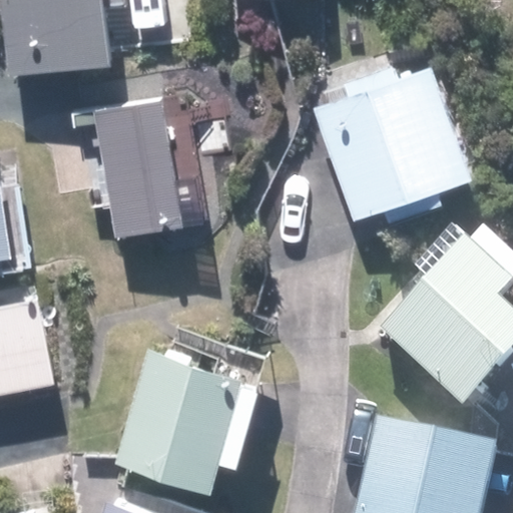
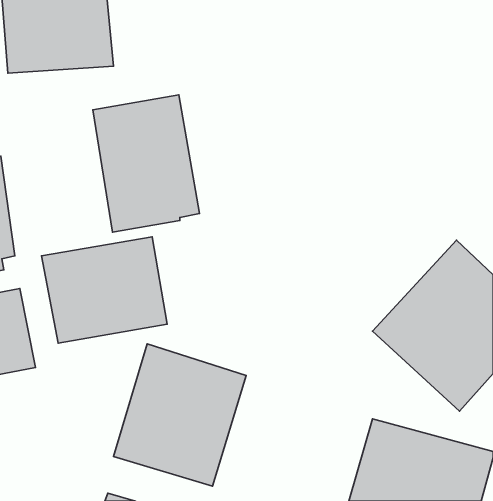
building: [314,66,479,225] -> none
building: none -> [41,237,167,343]

